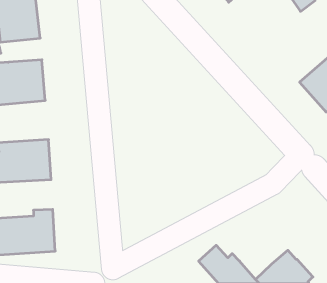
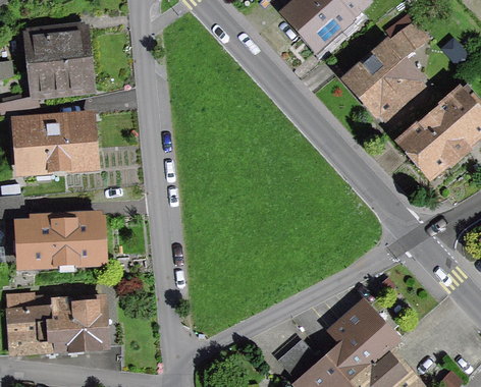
building: none -> [346,45,420,118]
building: none -> [328,303,392,381]

